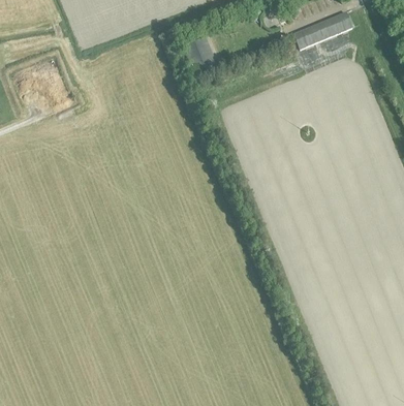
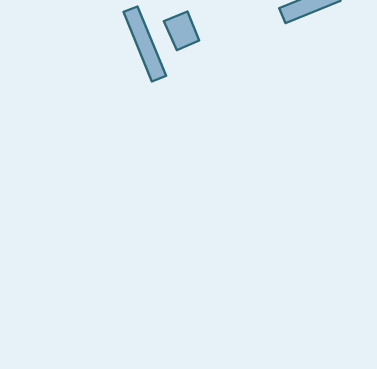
building: none -> [123,6,166,81]

